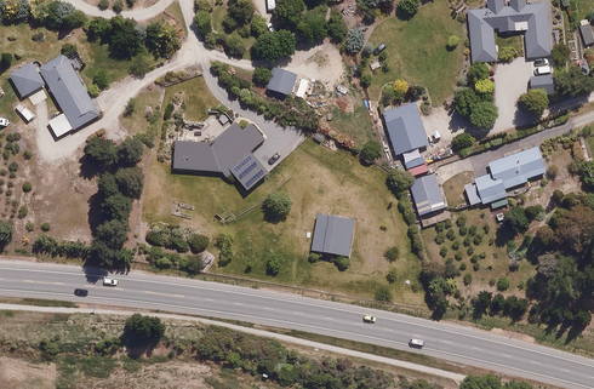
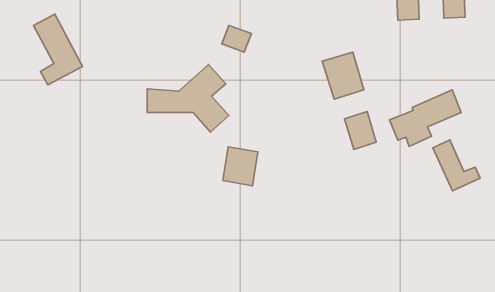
building: [8,62,46,101] -> none
building: none -> [433,140,480,191]
building: [313,208,354,254] -> [223,147,258,186]

